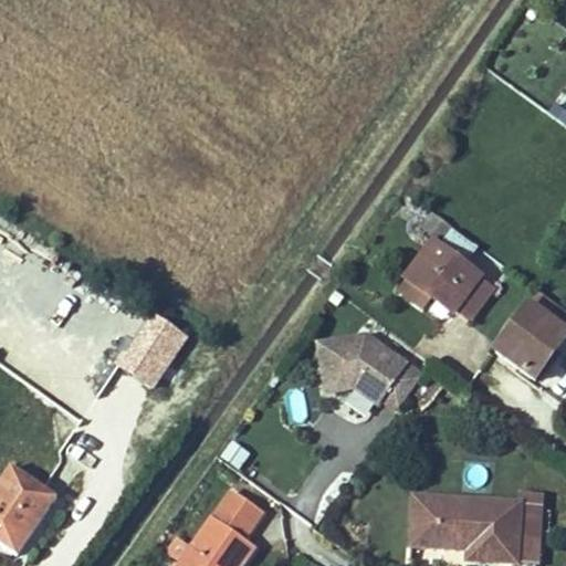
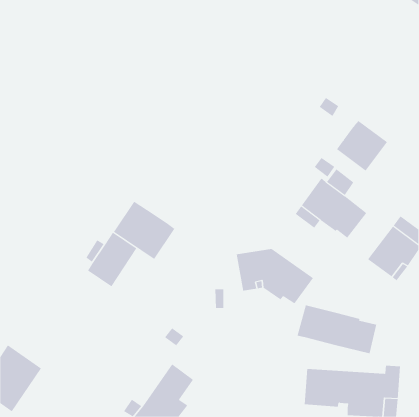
building: none -> [336,120,388,171]
building: none -> [113,201,175,260]
building: none -> [297,304,377,354]

